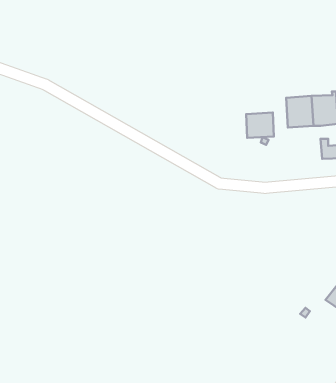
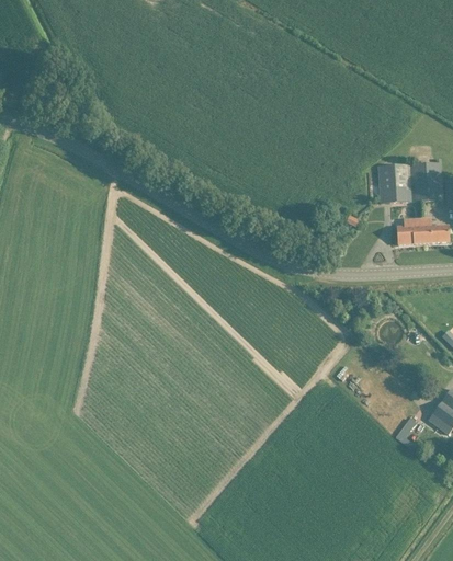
building: [246,113,274,138] -> none
building: none -> [396,218,422,244]

